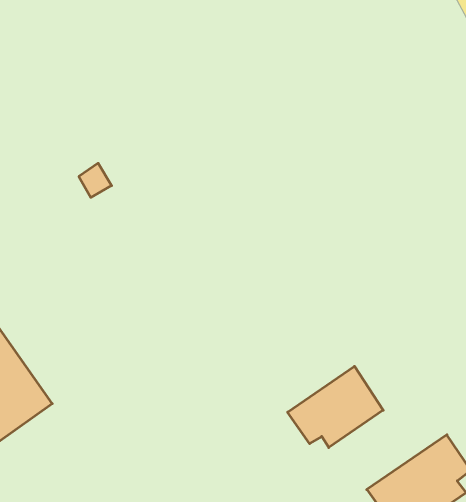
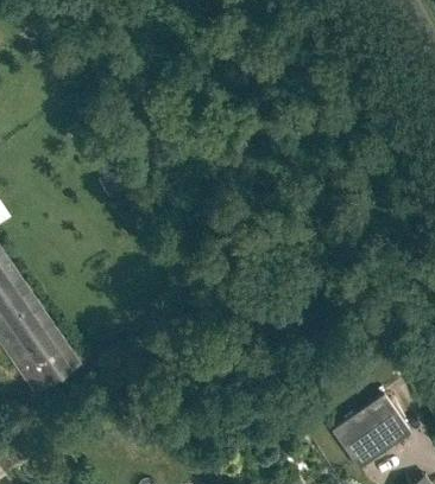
building: [288,366,383,448] -> none

